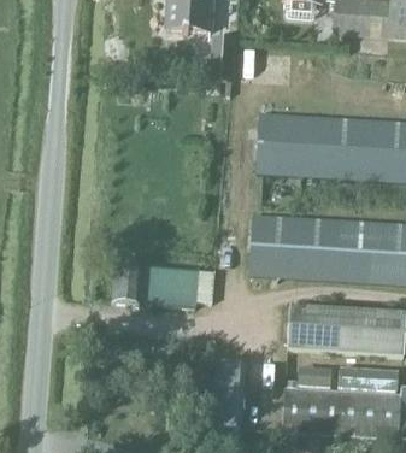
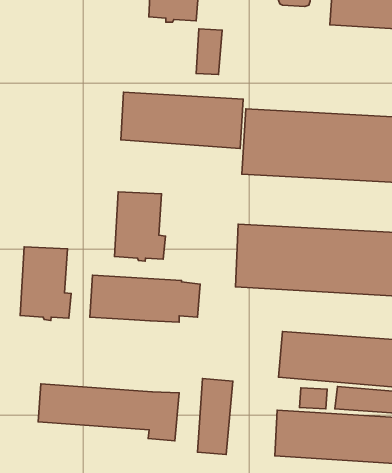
building: none -> [121,92,243,148]
building: none -> [114,192,166,261]
building: none -> [20,247,71,320]
building: none -> [38,384,179,441]

